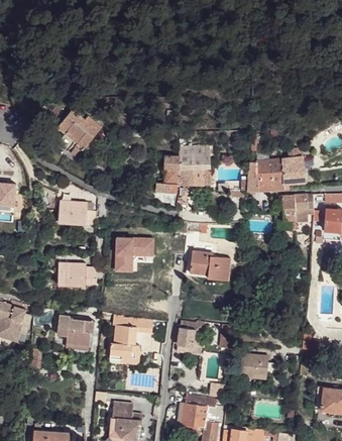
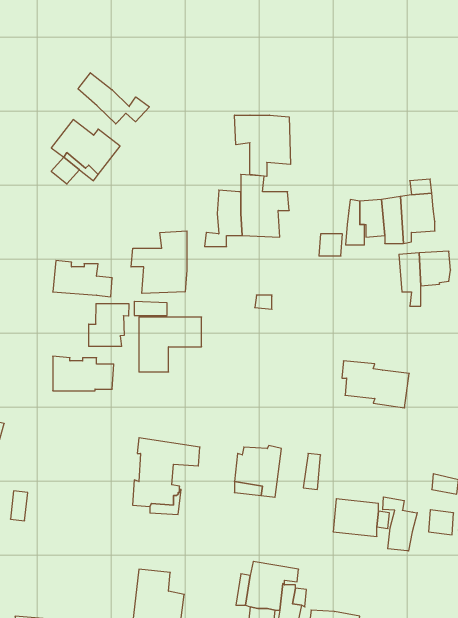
building: none -> [78,73,149,124]
building: none -> [235,115,291,176]
building: none -> [131,231,187,293]
building: none -> [89,304,129,346]
building: [188,250,231,281] -> [342,361,409,408]
building: [58,316,95,350] -> none
building: none -> [383,497,417,551]

